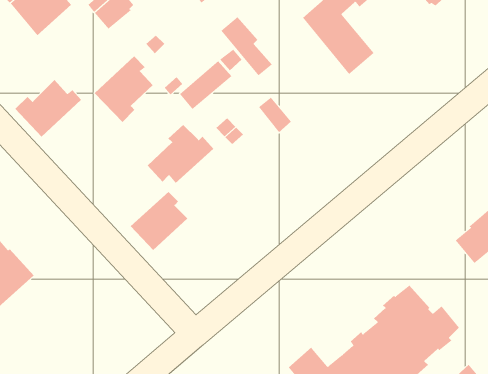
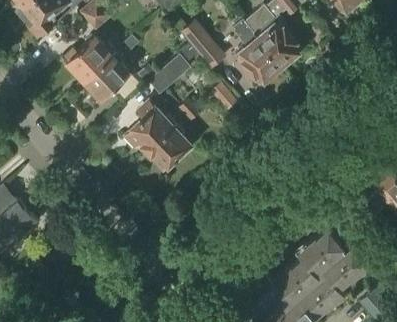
building: none -> [231,19,280,83]
building: [14,79,82,137] -> [62,35,114,80]
building: [130,191,188,251] -> [146,123,191,169]

